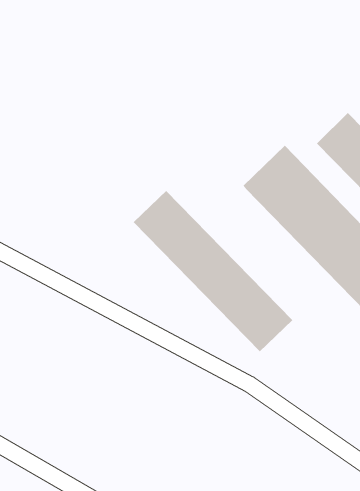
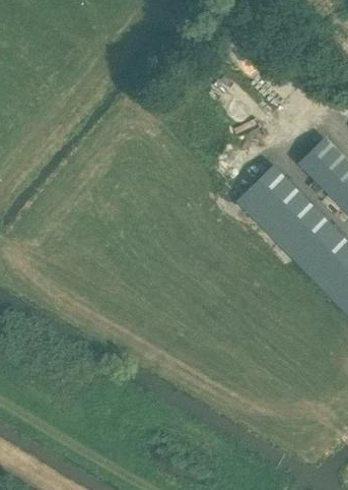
building: [133,190,293,352] -> none

